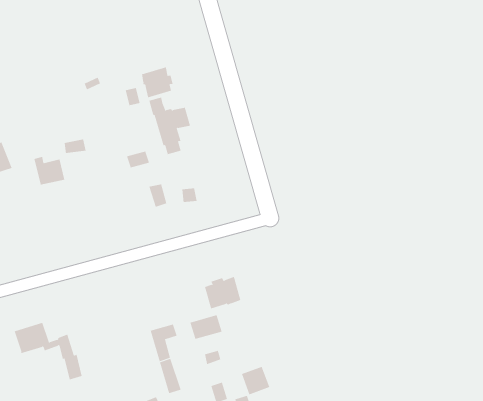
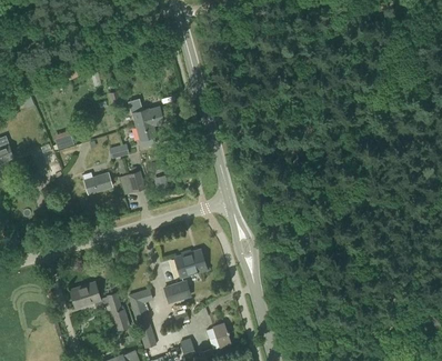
building: [141,66,173,98] -> none
building: none -> [82,171,112,193]
building: [14,322,82,380] -> [70,282,128,331]

